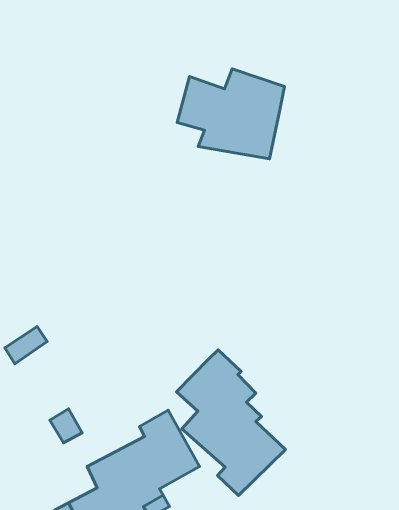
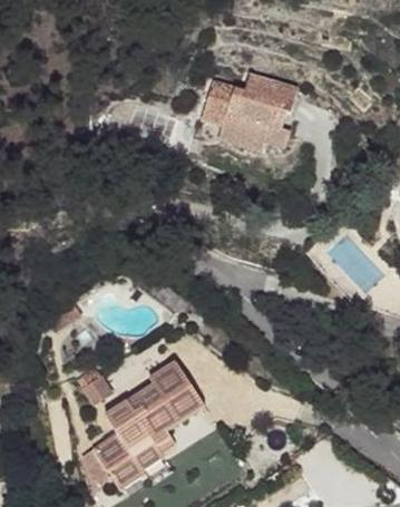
building: [176,350,286,496] -> none

